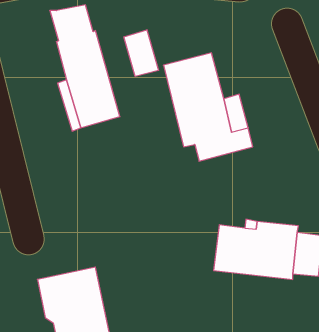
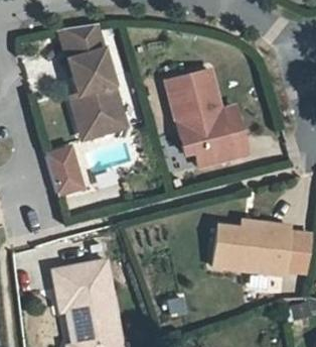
building: [124,30,159,76] -> none
building: none -> [46,147,85,197]

